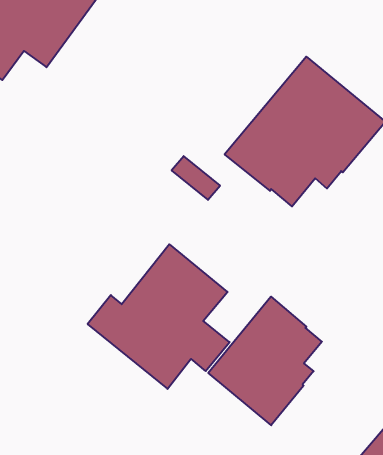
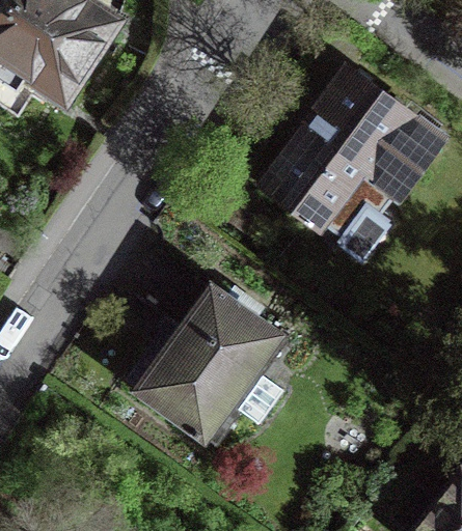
building: [208,297,322,425] -> none

